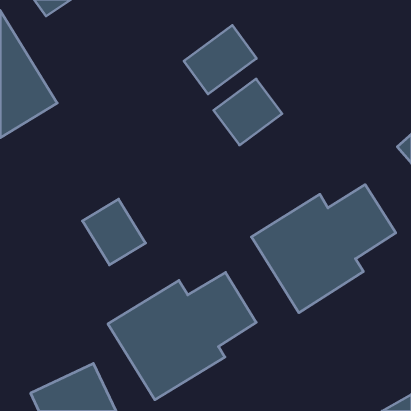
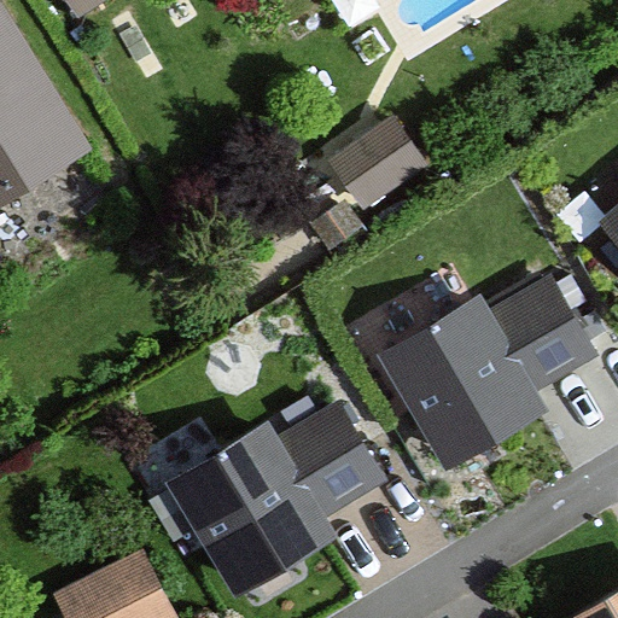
building: [184,25,256,94] -> none
building: [82,199,146,265] -> none

